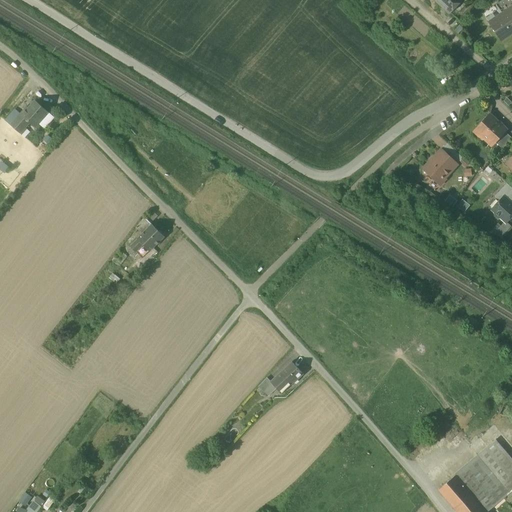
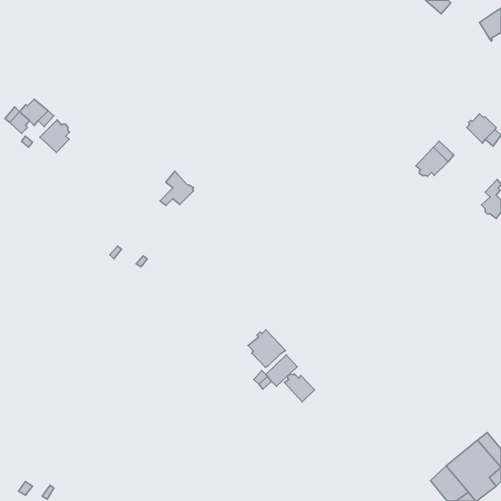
building: none -> [40,120,69,153]
building: [130,217,164,252] -> [160,171,193,206]
building: none -> [248,330,285,367]
building: none -> [284,374,315,402]

